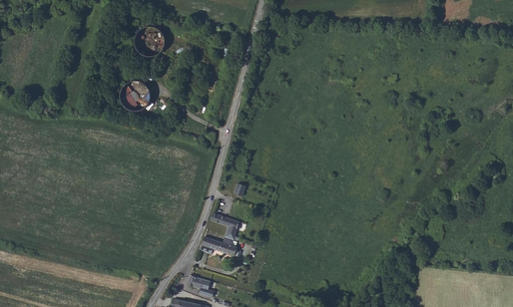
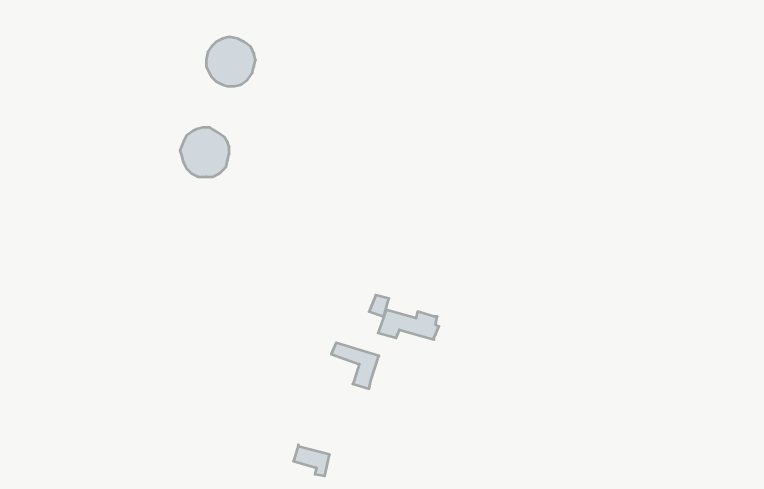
building: [200,236,237,254] -> [378,310,439,340]

